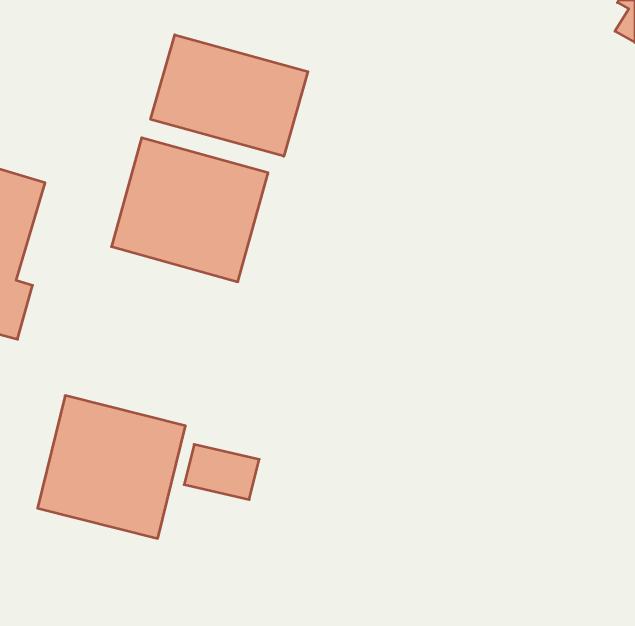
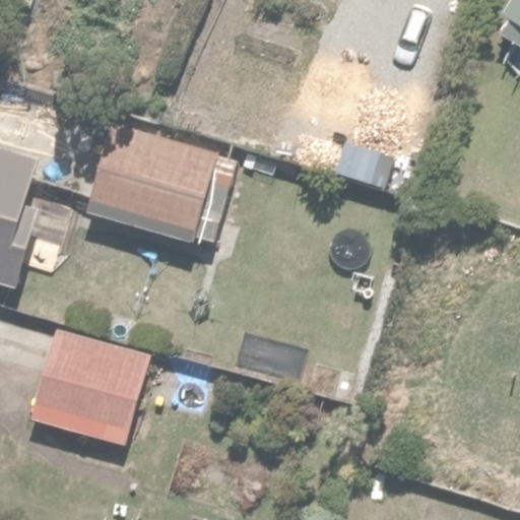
building: [151,35,308,156] -> none

